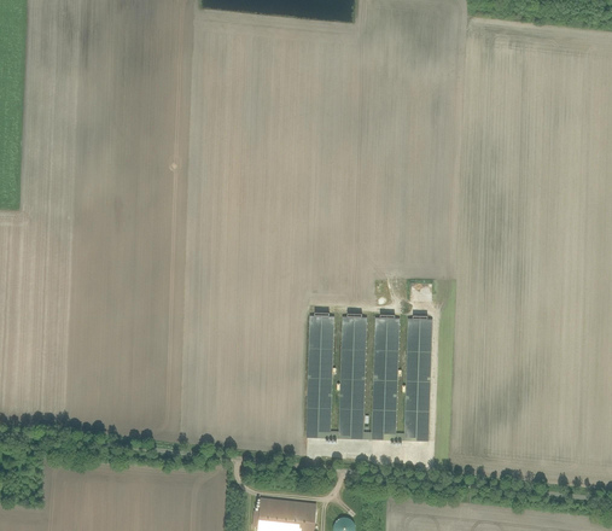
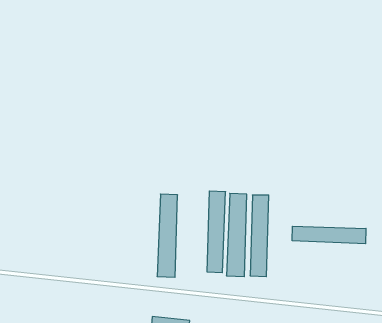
building: [304,313,334,436] -> [157,194,178,277]
building: none -> [292,226,366,244]

